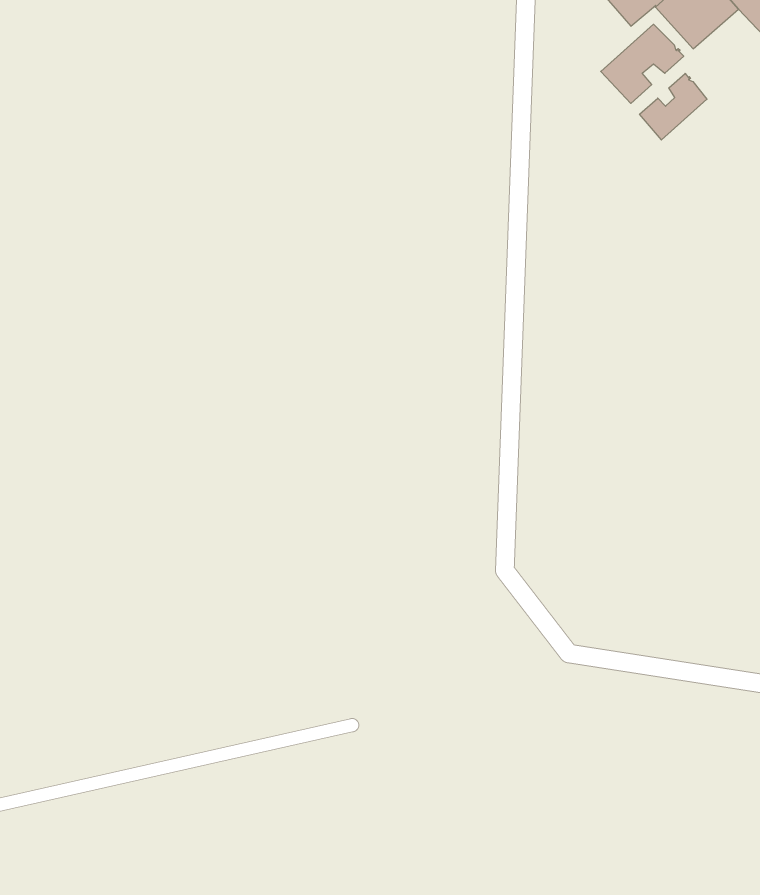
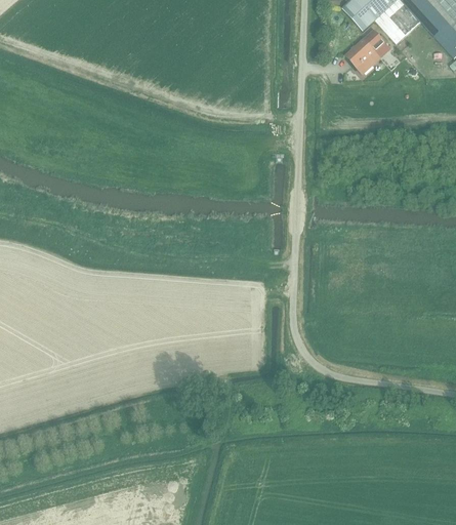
building: [640,73,707,140] -> none

